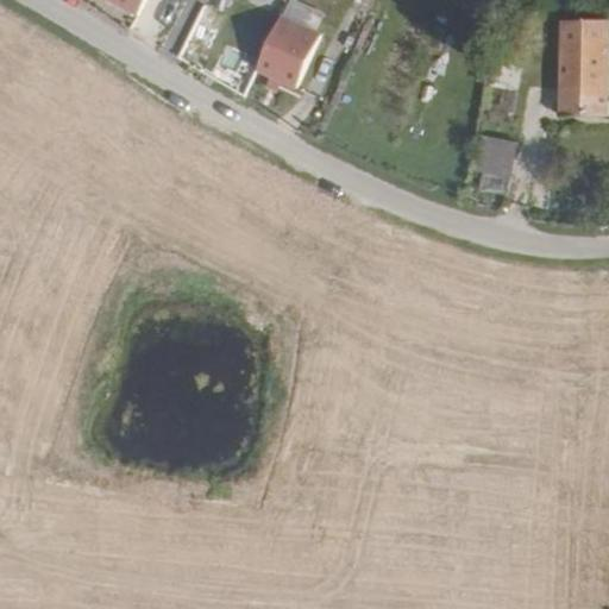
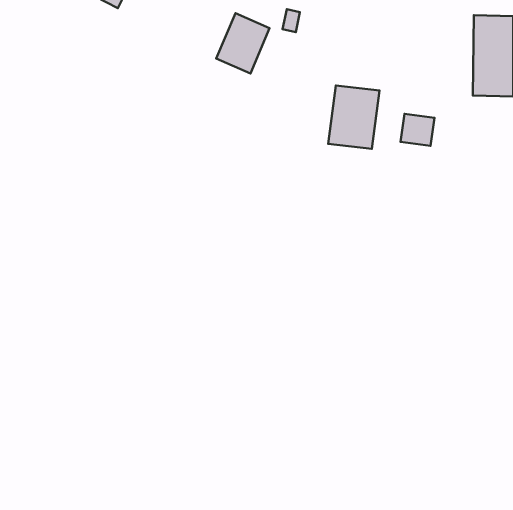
building: none -> [328,86,380,149]

